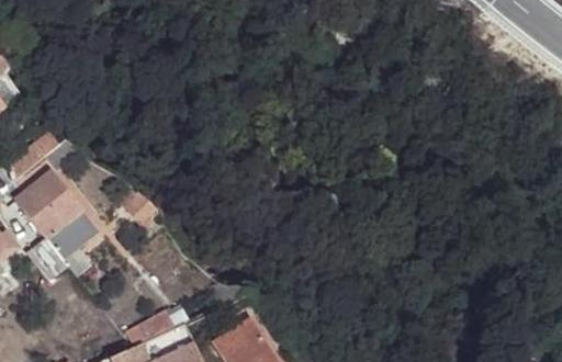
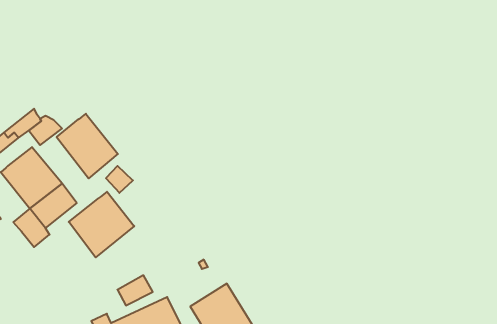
building: none -> [57,114,118,178]
building: none -> [69,192,134,257]

